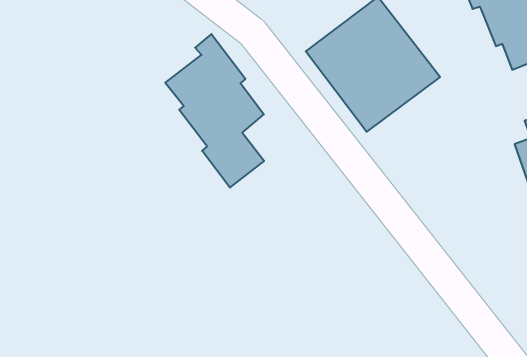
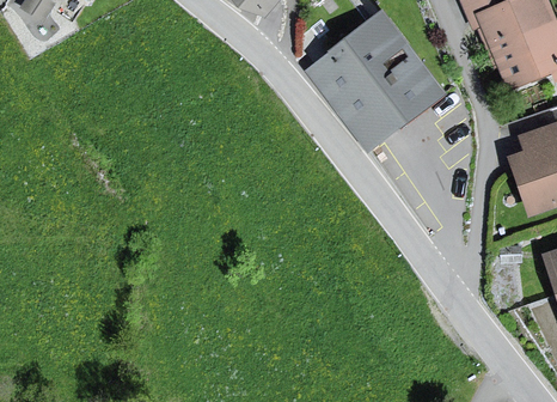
building: [165,34,264,188] -> none

